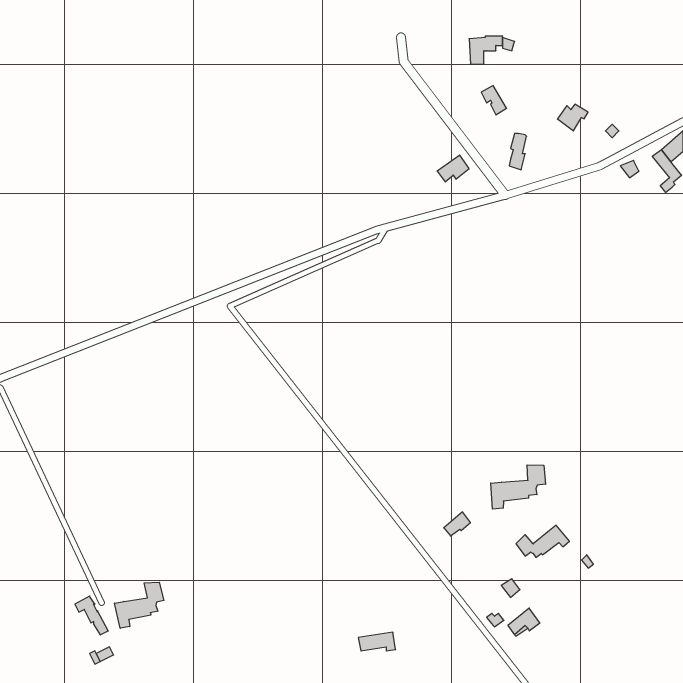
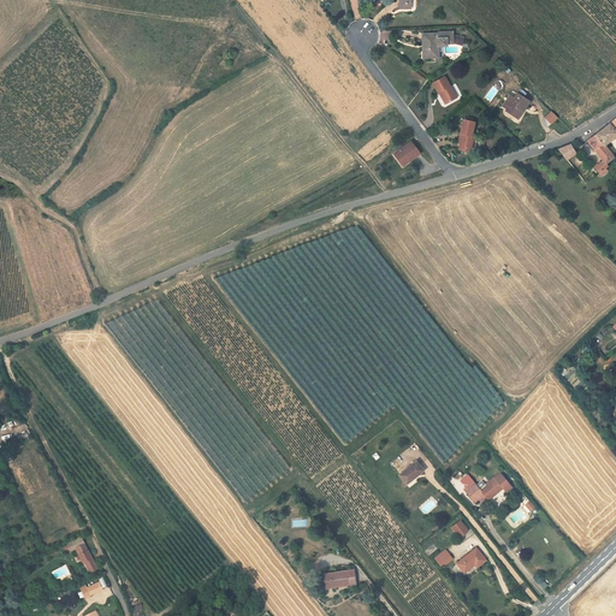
building: [491,465,546,509] -> none
building: [115,582,164,628] -> none

